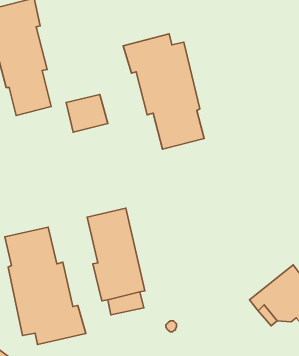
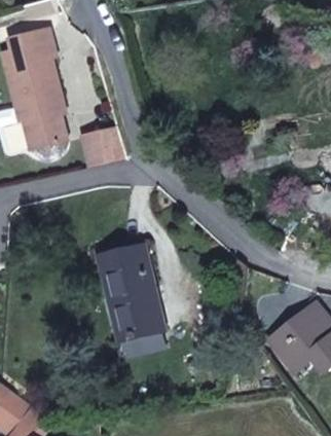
building: [123,34,204,149] -> none
building: [5,227,86,345] -> none

